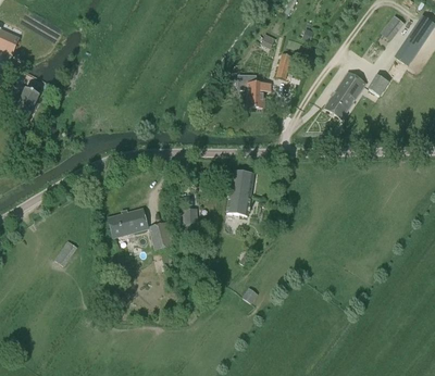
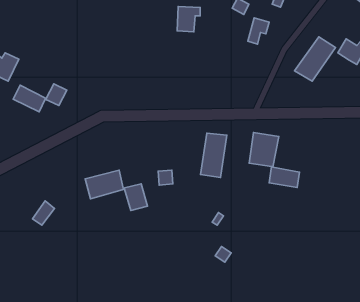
building: [246,82,270,108] -> [177,6,200,32]
building: none -> [13,84,67,112]
building: none -> [249,133,299,188]

